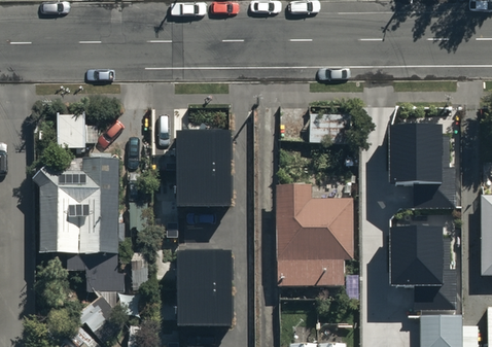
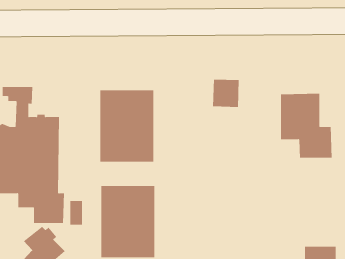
building: [276,184,351,285] -> none
building: [392,229,457,309] -> none

